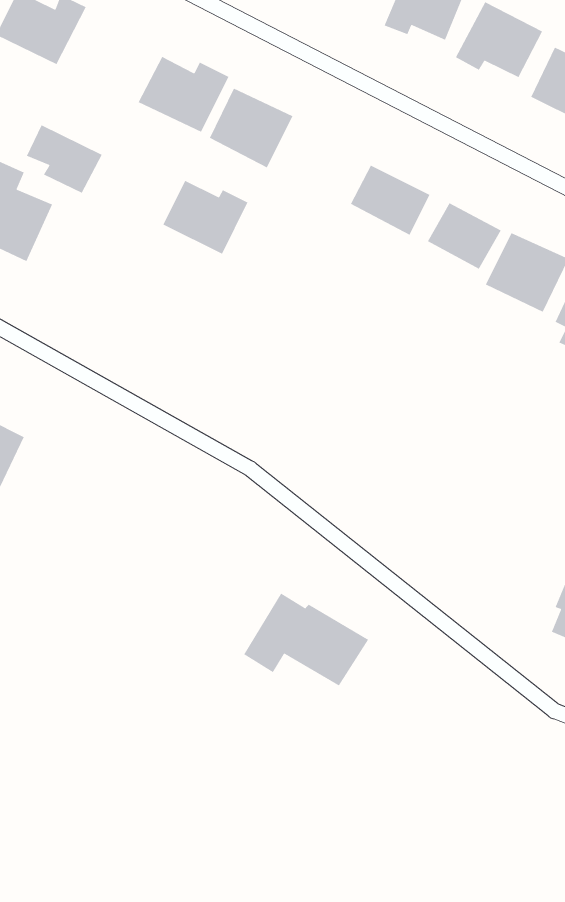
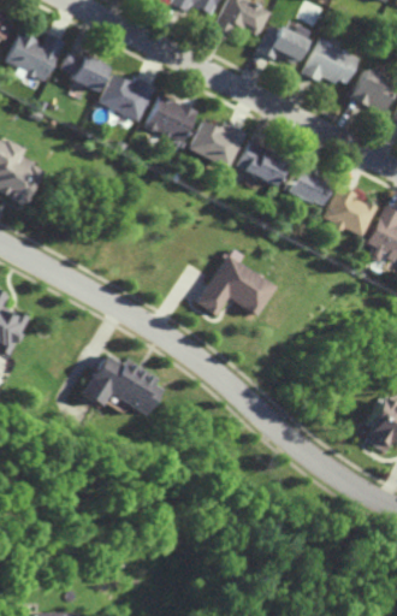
building: [26,124,103,194] -> [63,47,112,91]
building: [162,180,249,255] -> [190,119,245,167]
building: none -> [196,247,273,315]
building: [243,593,369,686] -> [82,354,162,414]

